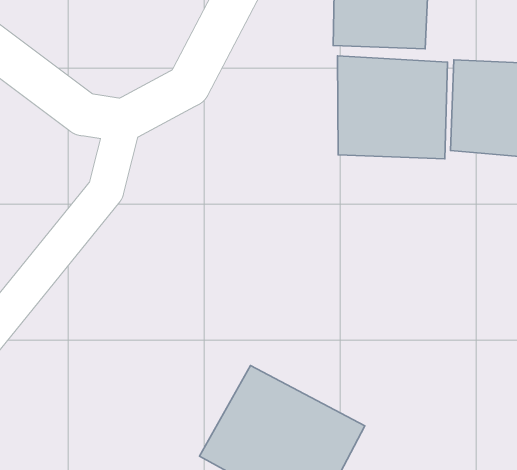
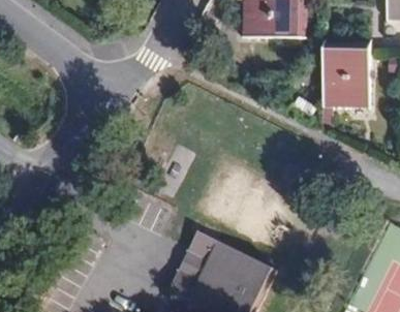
building: [337,56,448,159] -> none

